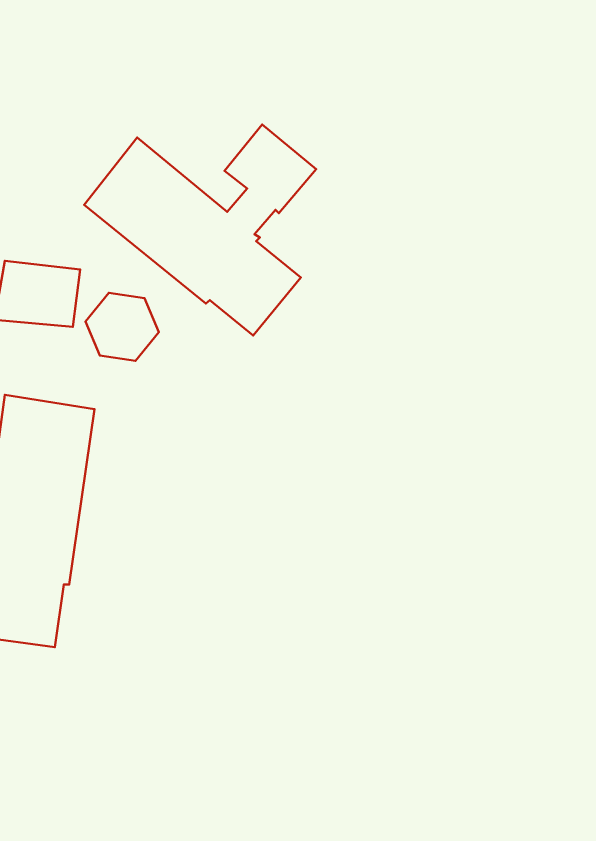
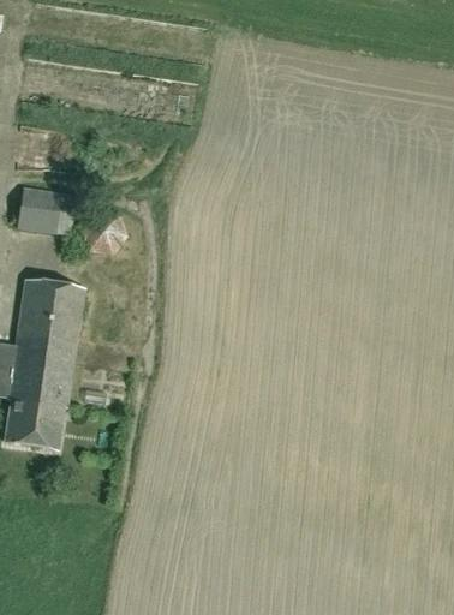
building: [84,125,316,335] -> none

